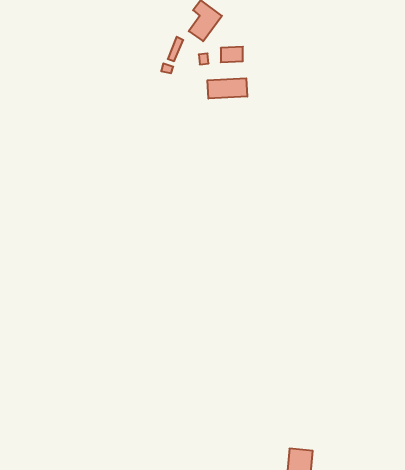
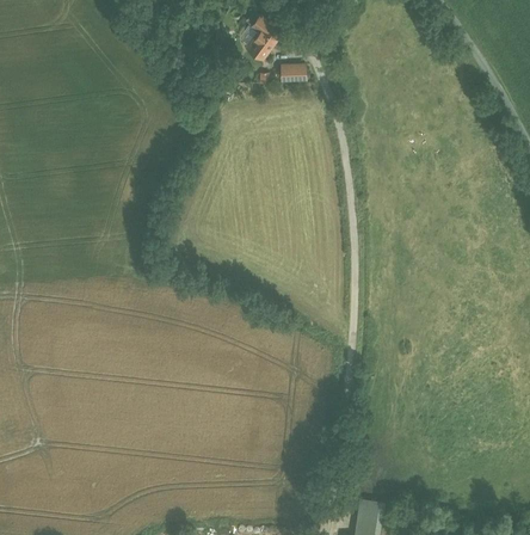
building: [207,78,247,99] -> none

